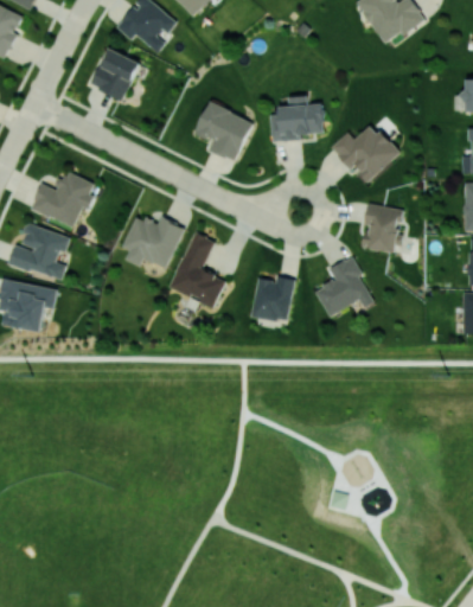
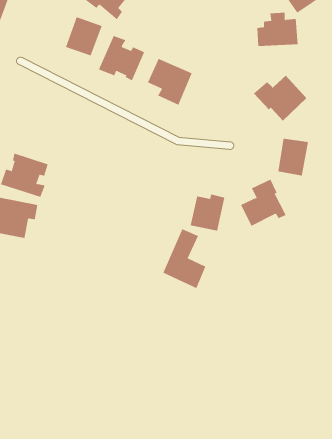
building: none -> [98,35,145,81]
building: [271,95,325,139] -> [257,12,298,46]
building: [31,171,95,228] -> none
building: [122,215,185,269] -> none
building: [170,231,225,308] -> [162,228,206,289]

